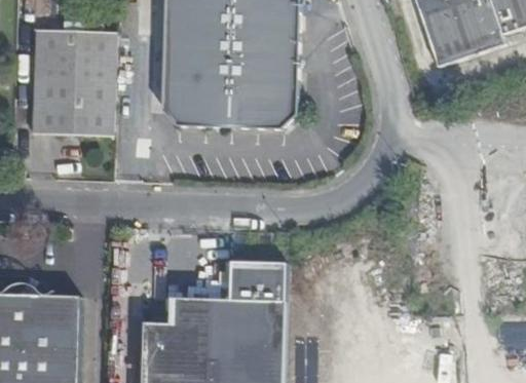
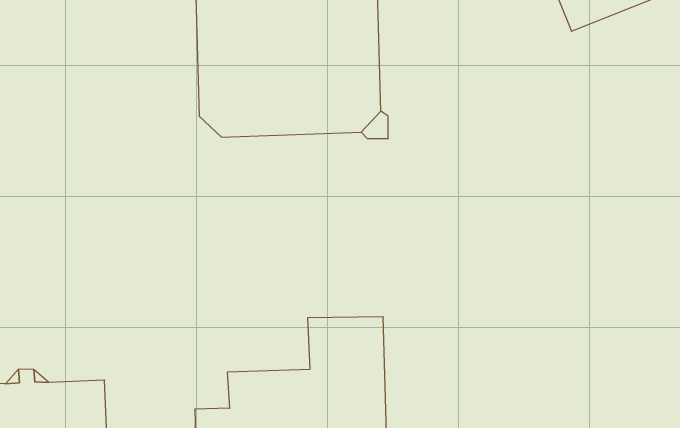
building: [32,29,117,135] -> none

